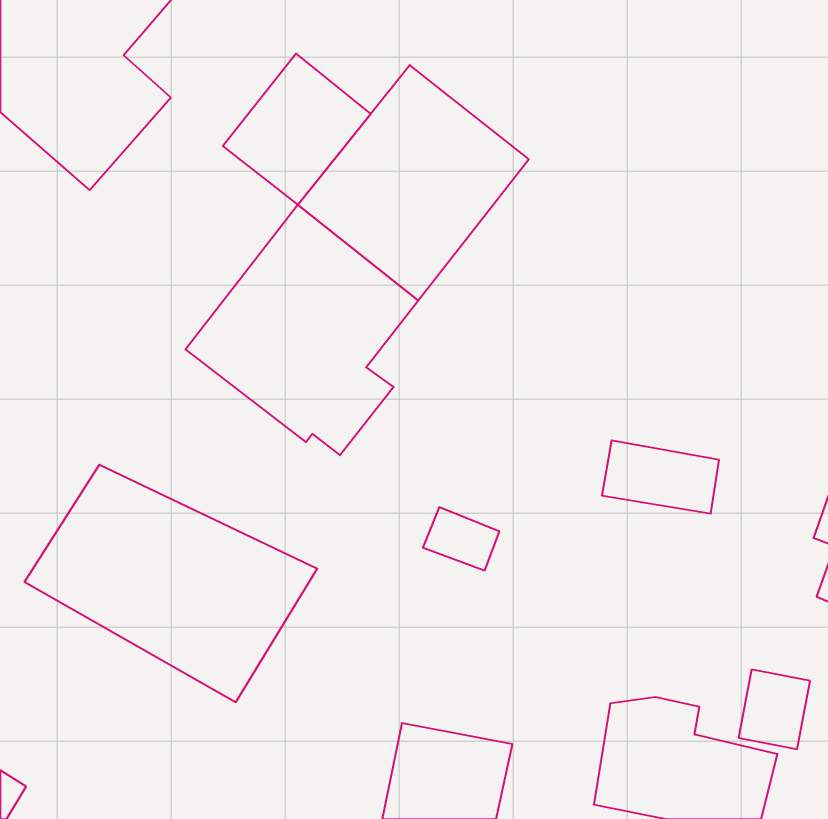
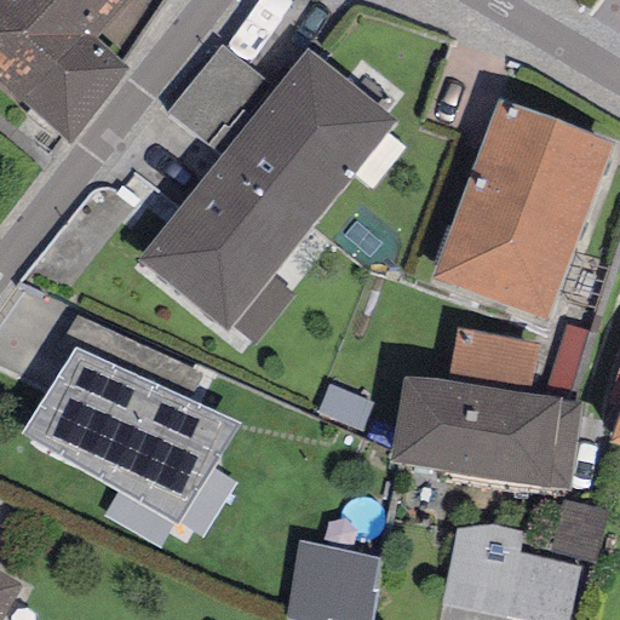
building: none -> [434,101,613,321]
building: none -> [391,380,582,492]

